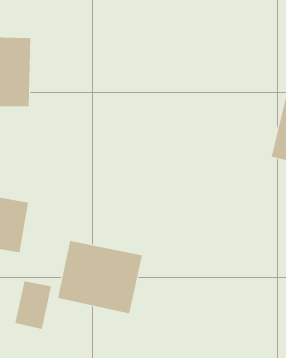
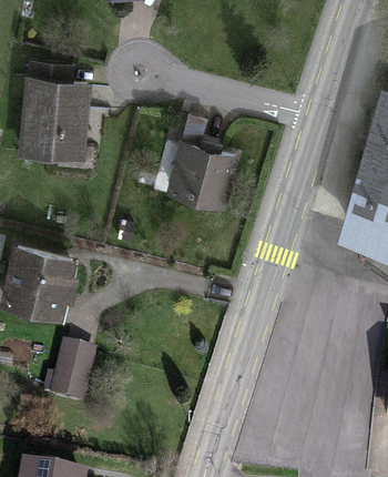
building: none -> [172,143,233,204]
building: [58,240,142,314] -> none

